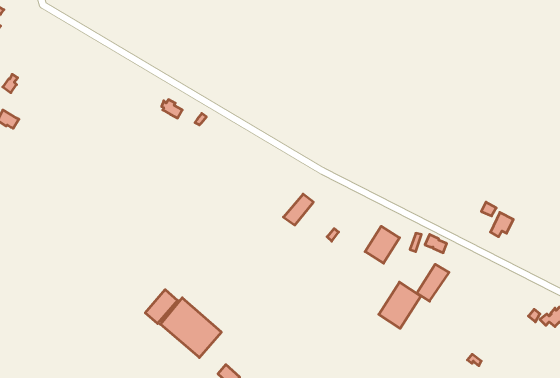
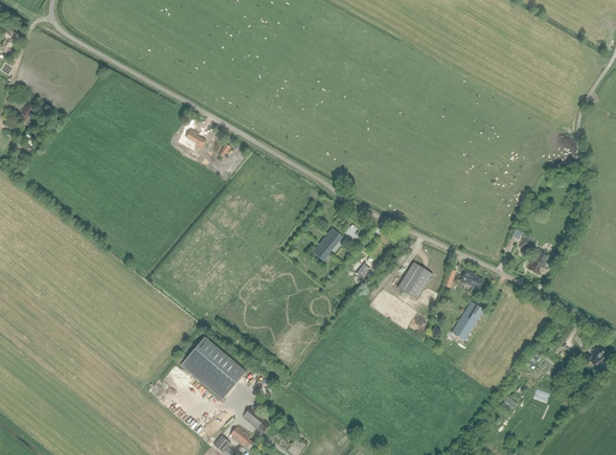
building: [379,282,421,328] -> none
building: [145,290,178,324] -> none

